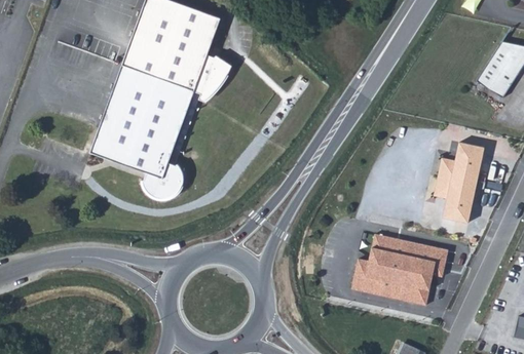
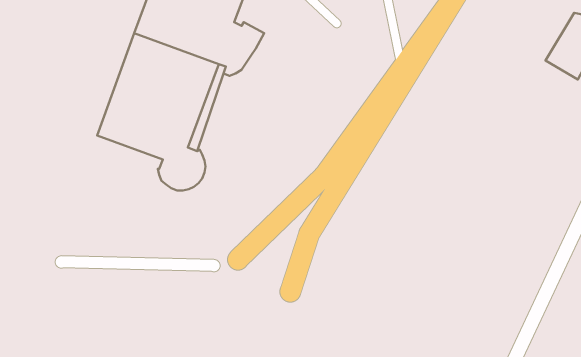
building: [434,144,484,225] -> none
building: [353,236,449,305] -> none

